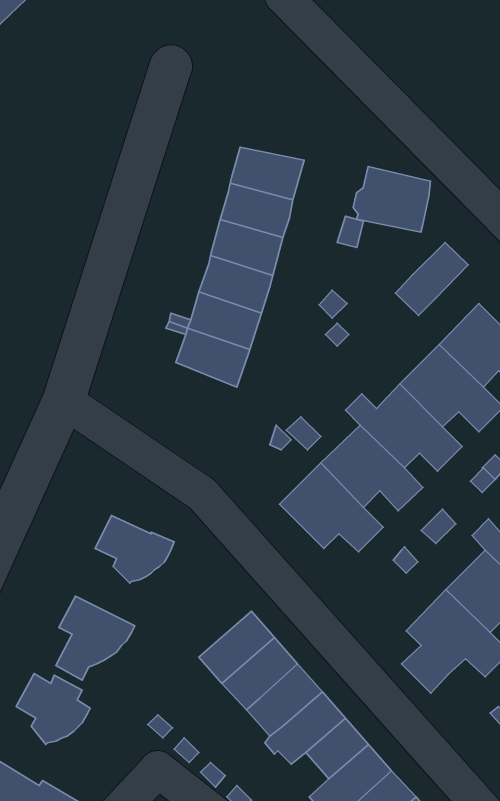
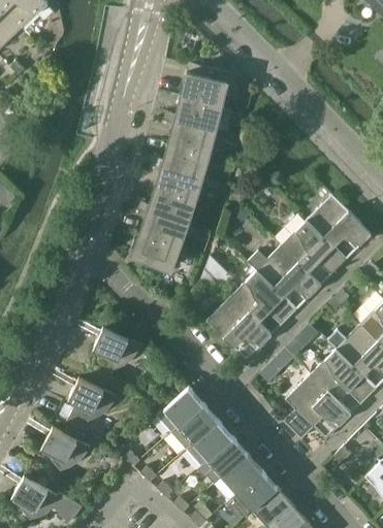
building: [353,167,431,232] -> [181,63,229,104]
building: [395,242,468,315] -> none
building: none -> [130,231,181,274]

